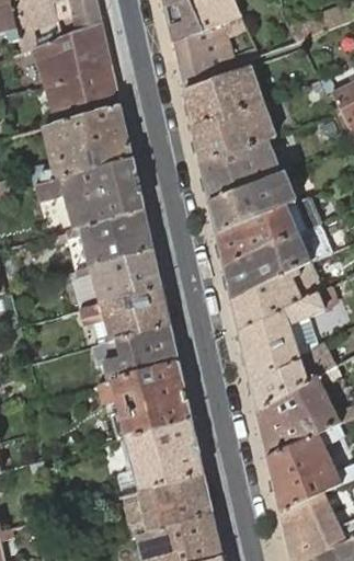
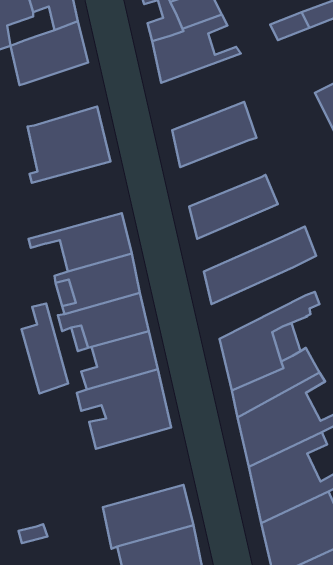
building: [47,62,118,124] -> none
building: [183,66,263,128] -> none
building: [199,138,278,203] -> none
building: [35,159,142,228] -> none
building: [216,195,321,266] -> none
building: [230,262,322,332] -> none
building: none -> [21,303,68,393]
building: [124,419,203,492] -> none

